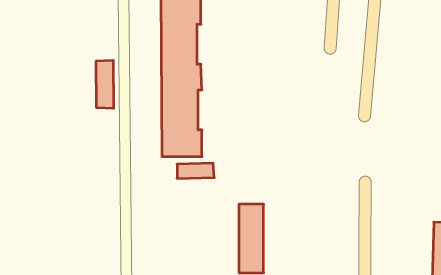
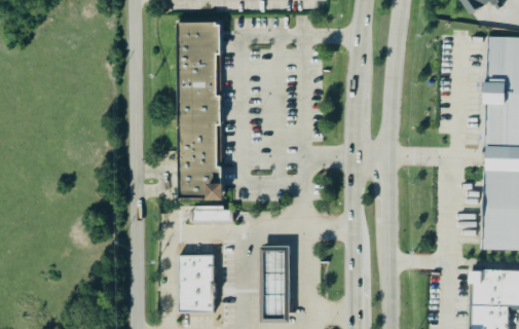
building: [96,60,114,108] -> none
building: none -> [178,256,214,313]

